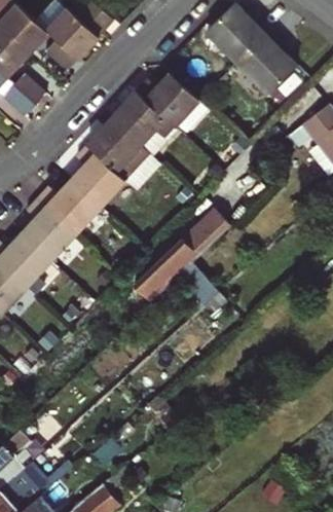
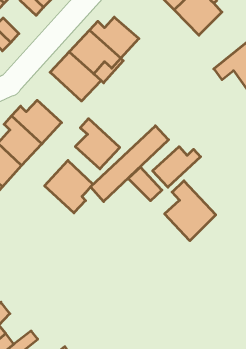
building: [67,143,122,206] -> [75,119,120,169]
building: none -> [153,147,201,187]
building: none -> [45,160,93,213]
building: none -> [165,181,216,241]

